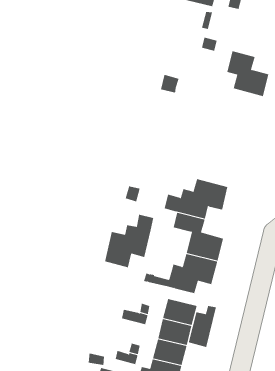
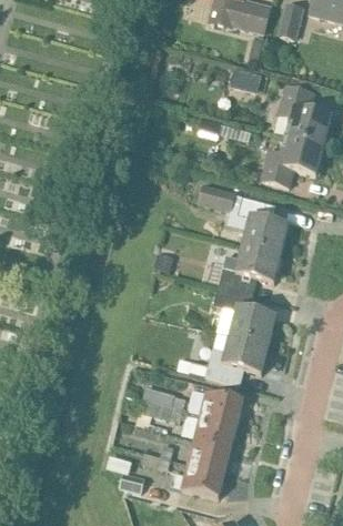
building: none -> [261,133,324,185]
building: none -> [199,183,289,253]
building: [104,214,154,268] -> none
building: [188,305,216,348] -> none

